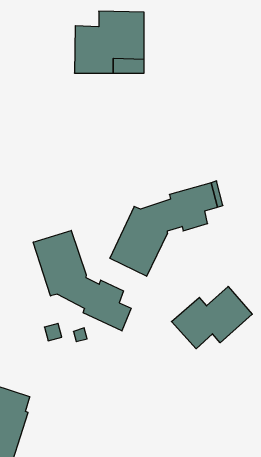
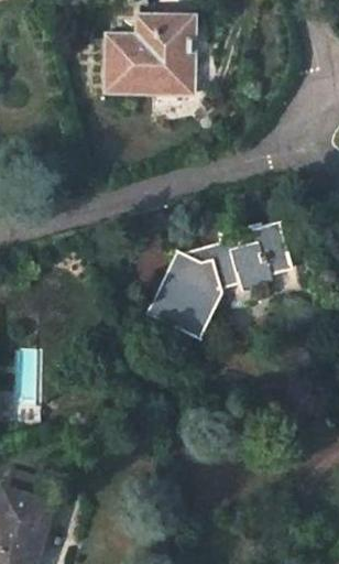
building: [33,230,131,331] -> none
building: [171,286,252,349] -> none

